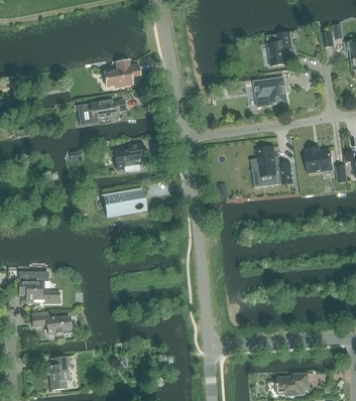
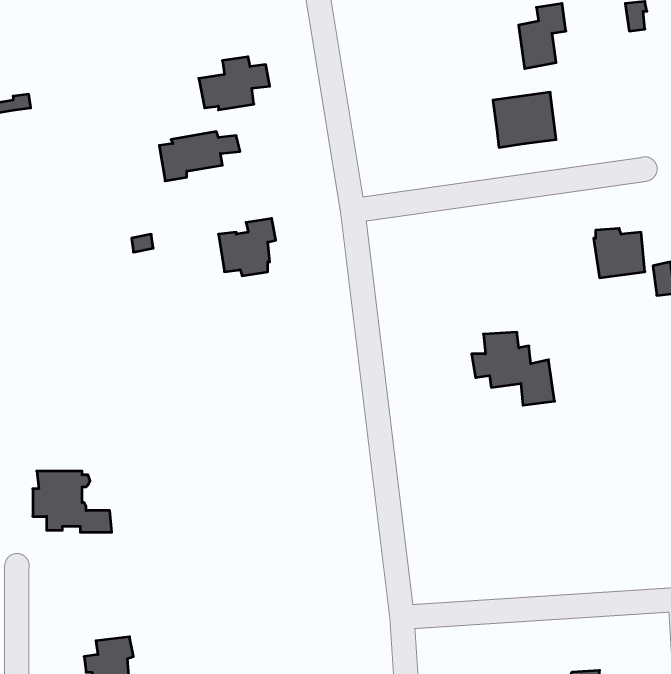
building: [250,147,292,184] -> [472,332,555,405]
building: [105,190,143,214] -> none
building: [32,315,71,336] -> none

